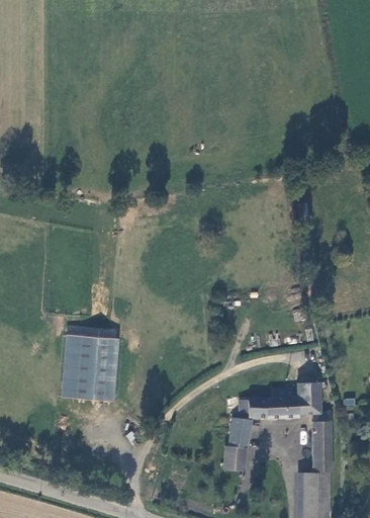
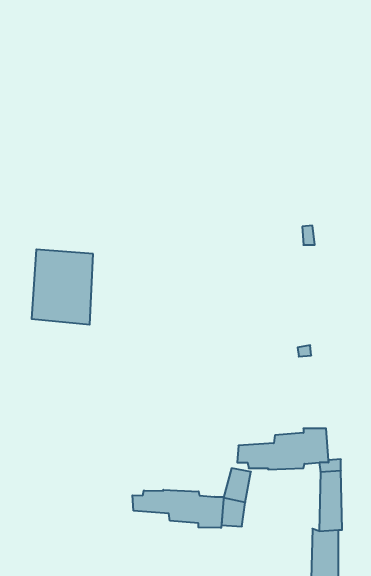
building: [62,332,116,399] -> [32,249,93,325]
building: none -> [132,490,224,528]

